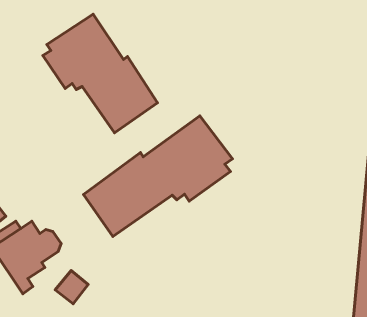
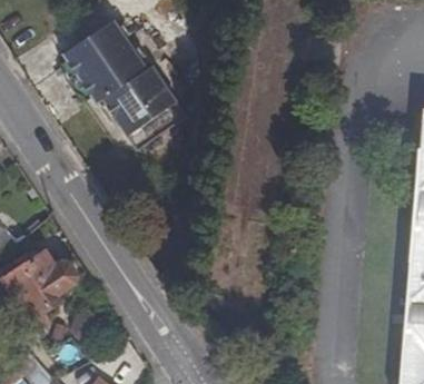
building: [84,116,232,237] -> none

